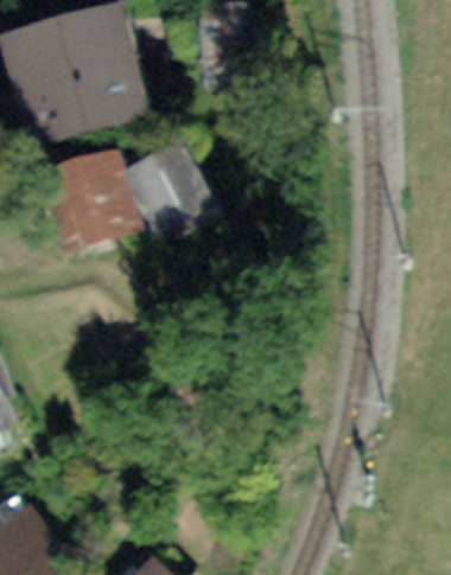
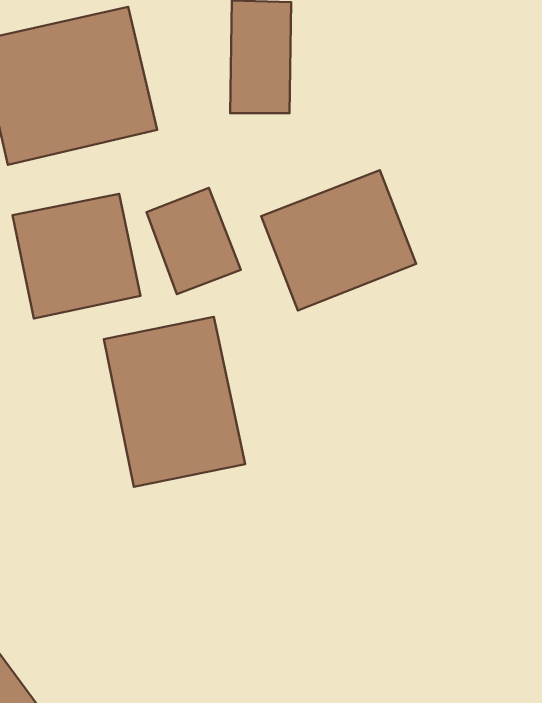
building: none -> [261,170,416,311]
building: none -> [104,317,245,487]

